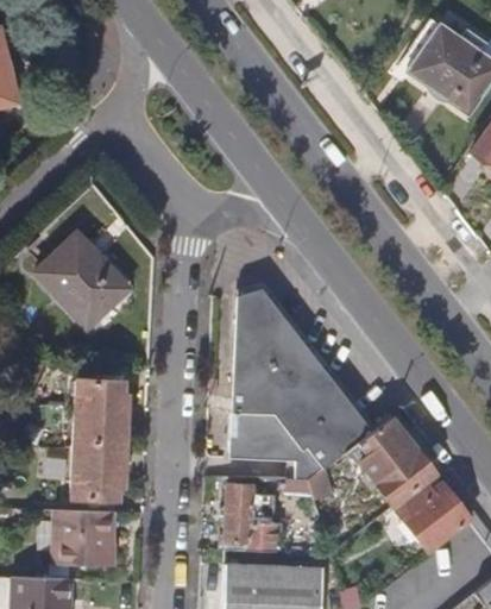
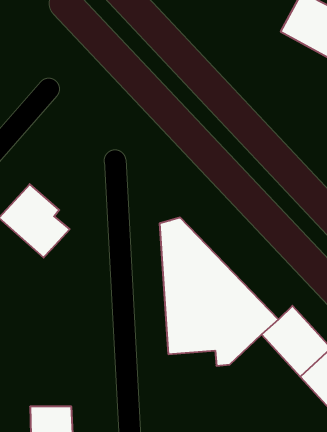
building: [69,378,126,498] -> none
building: [224,483,281,552] -> none

